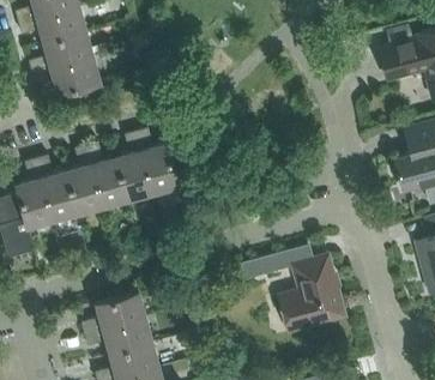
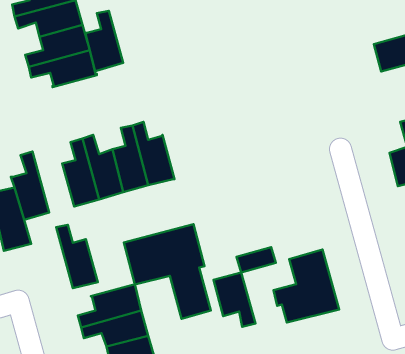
building: none -> [85,11,123,71]
building: [36,156,78,219] -> [56,225,98,288]
building: none -> [124,224,211,319]
building: none -> [213,272,256,327]

